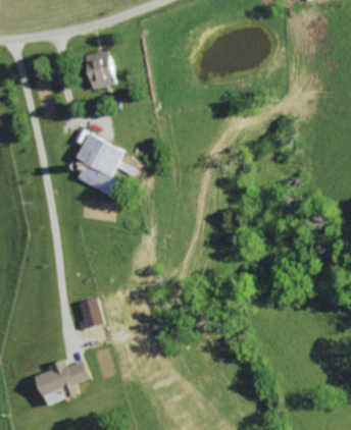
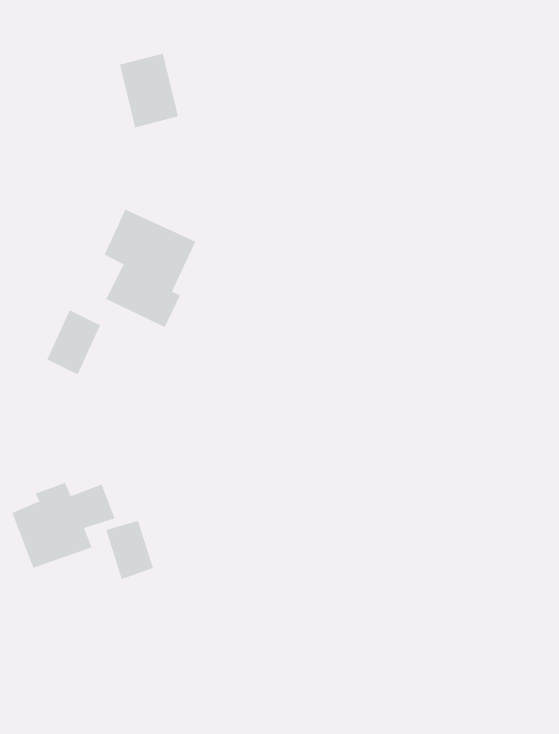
building: none -> [46,310,101,375]
building: [33,360,88,406] -> [12,482,115,569]

